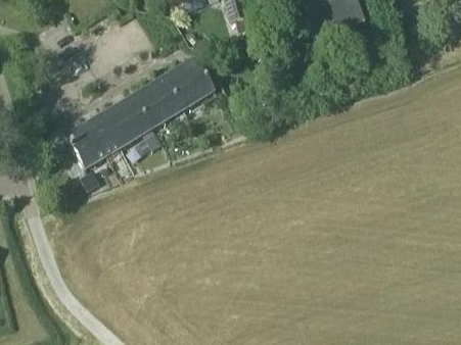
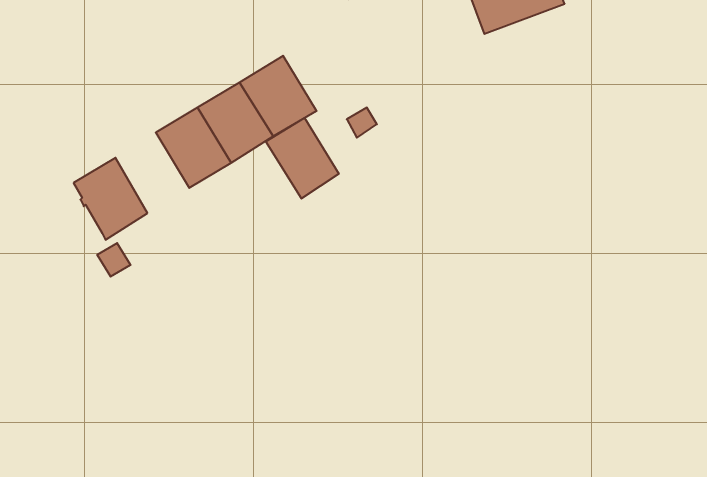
building: none -> [266,118,339,199]
building: [91,104,136,153] -> none

